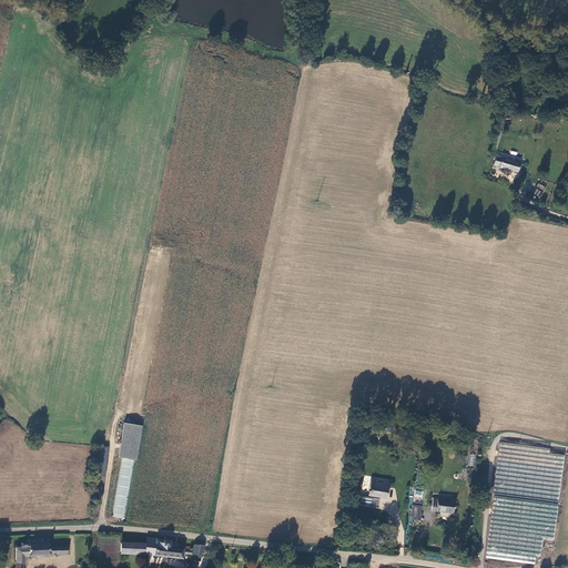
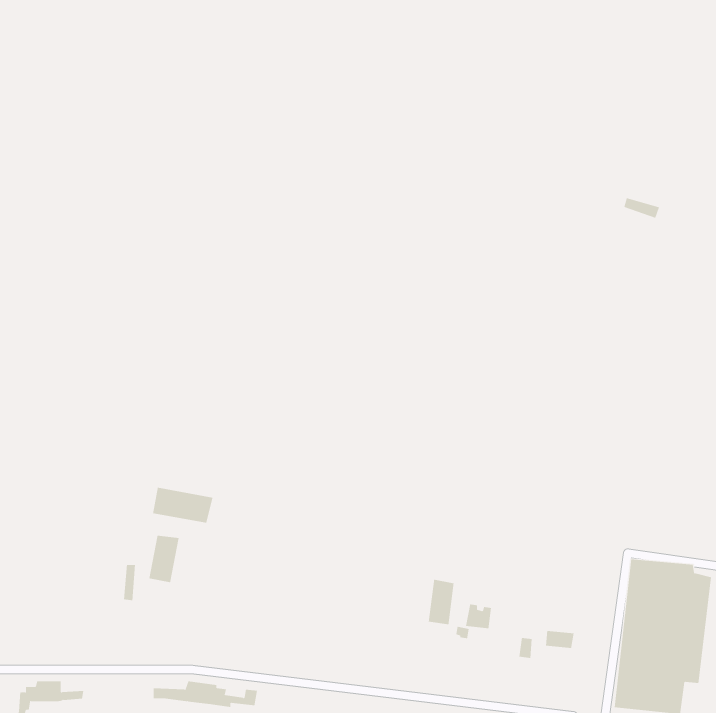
building: none -> [152,487,213,523]
building: none -> [428,579,454,625]

